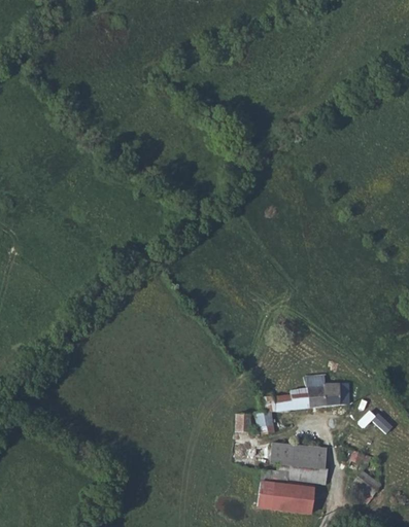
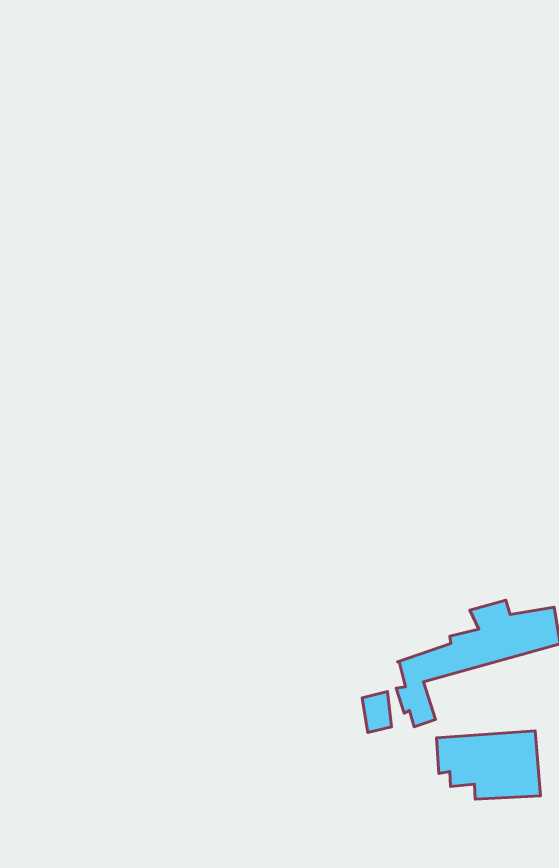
building: [258,469,325,515] -> none

